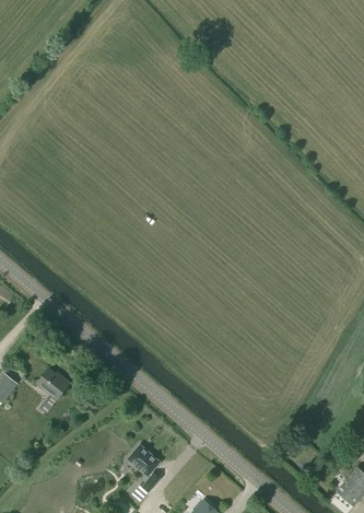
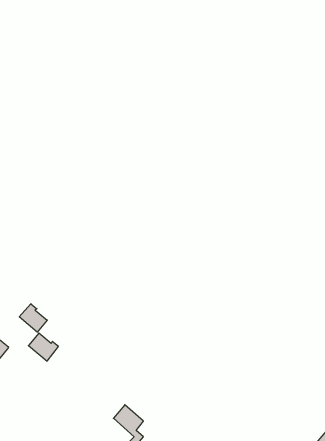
building: none -> [19,304,47,332]

